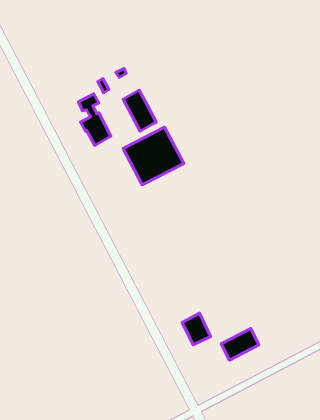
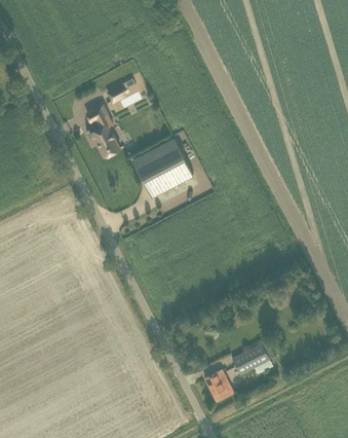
building: [123,90,156,131] -> none
building: [182,313,210,345] -> [205,368,234,400]

